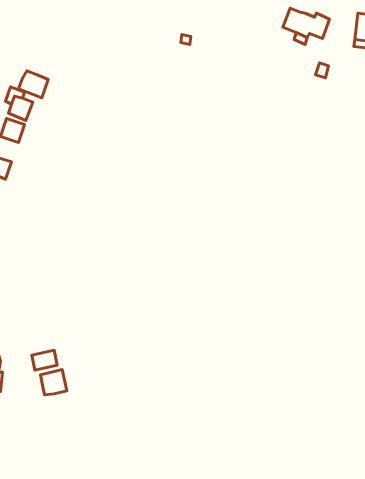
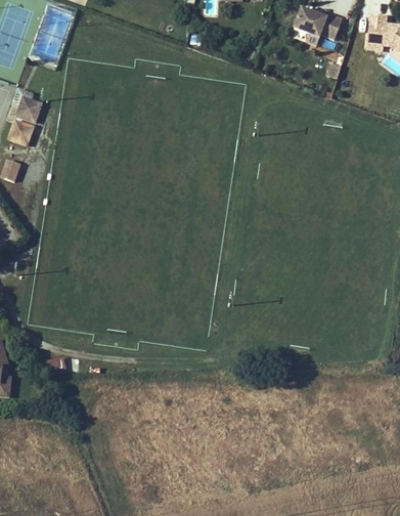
building: [19,71,48,98] -> none
building: [41,369,67,395] -> none

